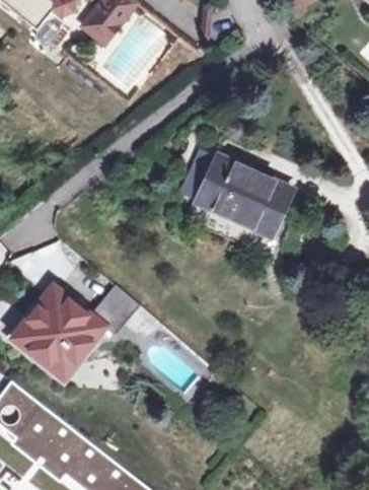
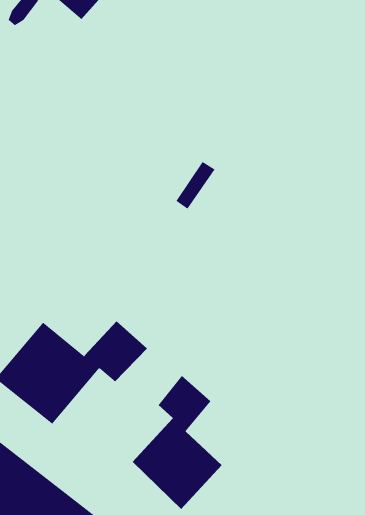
building: [200,156,295,242] -> none
building: none -> [132,375,222,510]

